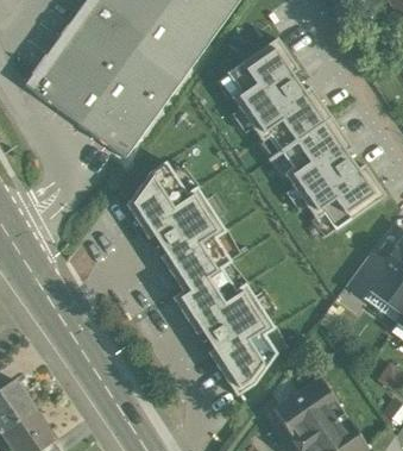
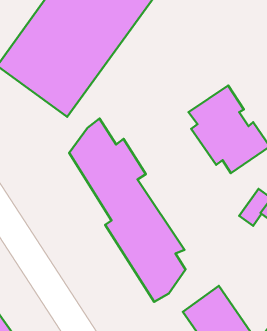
building: [226,38,330,151] -> none

